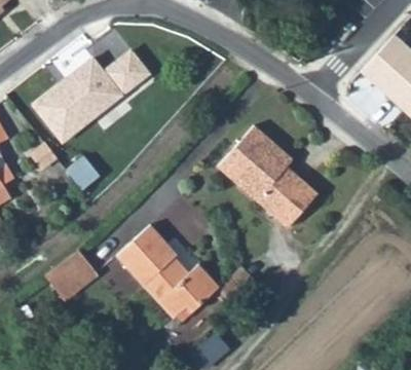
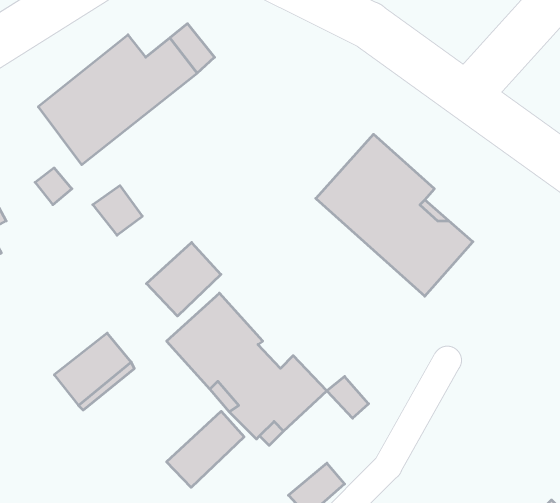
building: none -> [146,242,221,316]
building: none -> [167,411,244,487]

